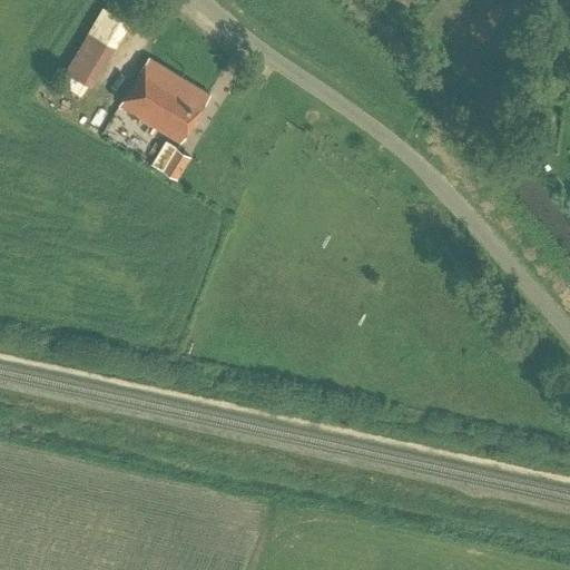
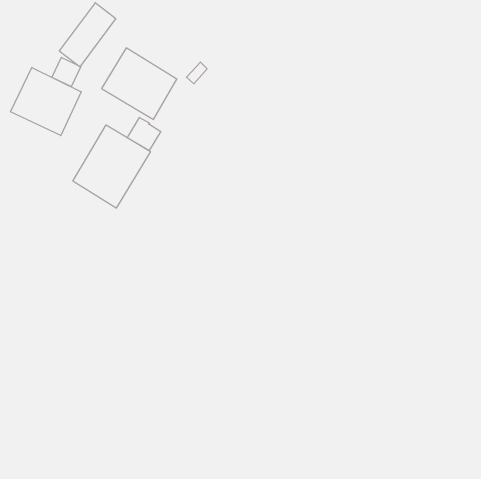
building: none -> [11,67,81,136]
building: none -> [73,125,150,208]

